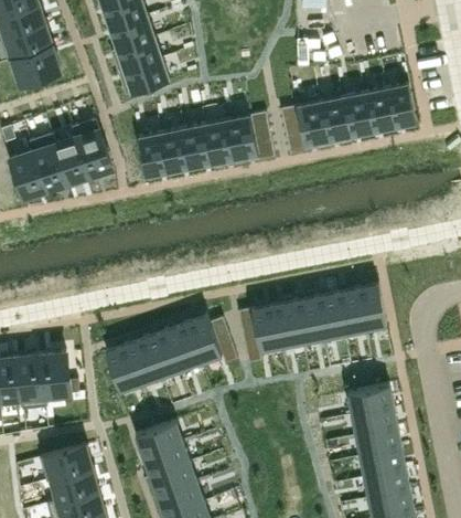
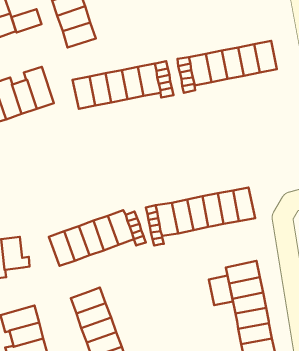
building: none -> [11,9,41,32]
building: none -> [209,276,233,305]

